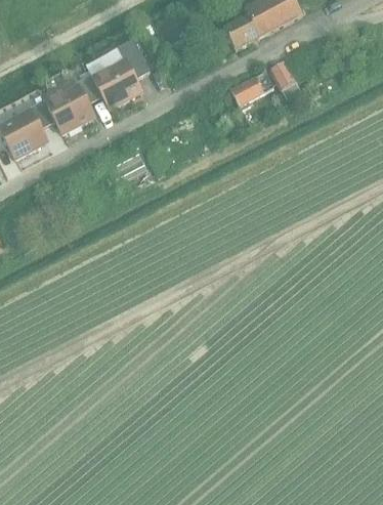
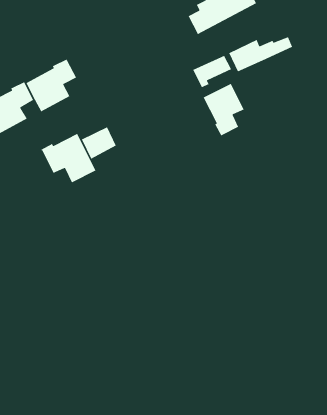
building: [91,40,148,109] -> none
building: none -> [202,83,245,137]
building: none -> [40,133,97,183]

